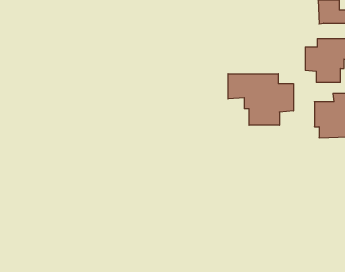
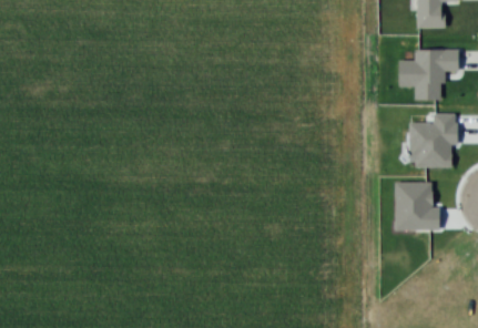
building: [228,74,293,125] -> none
building: none -> [397,182,439,229]

